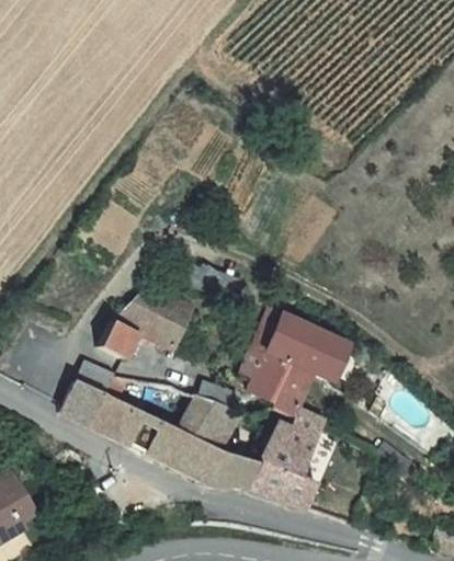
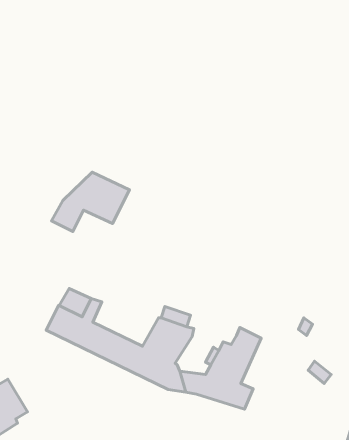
building: [100,284,196,357] -> [51,172,129,231]
building: [242,309,349,416] -> none

